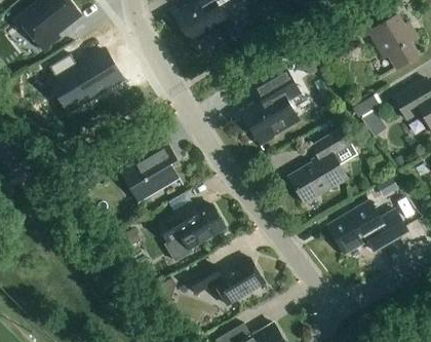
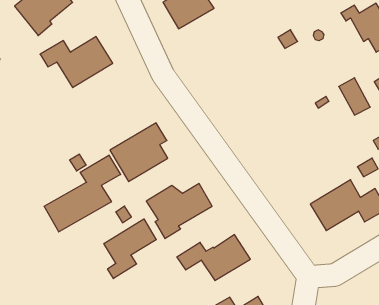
building: [240,70,301,142] -> none
building: [288,128,356,202] -> none
building: none -> [44,155,121,232]
building: none -> [104,219,156,279]

